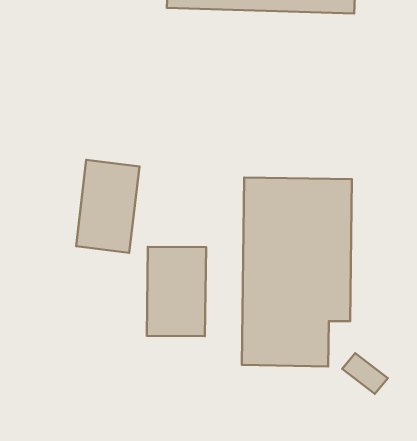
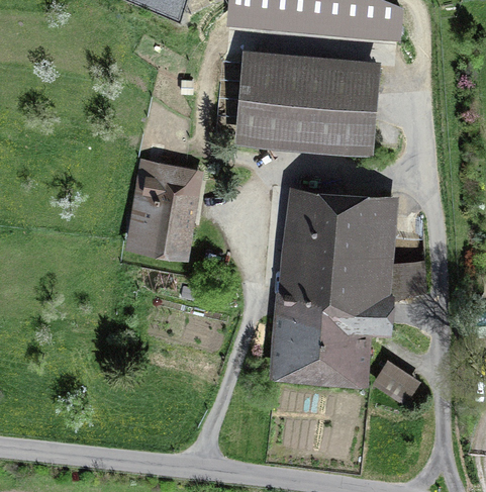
building: none -> [226,52,377,152]
building: [147,247,206,336] -> none

